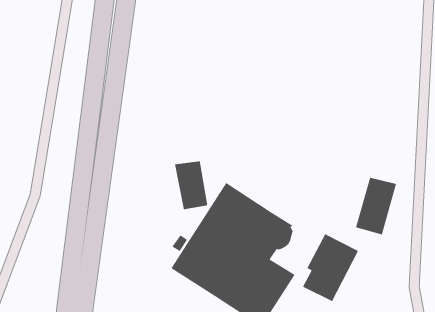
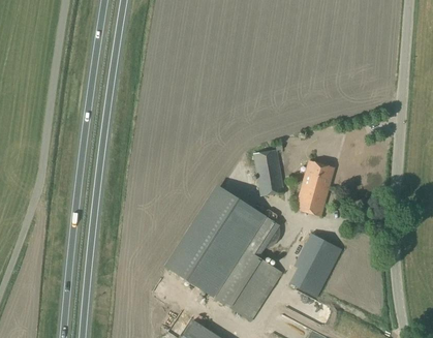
building: [174,161,208,210] -> [253,150,285,196]
building: [355,177,397,235] -> [296,161,335,216]

